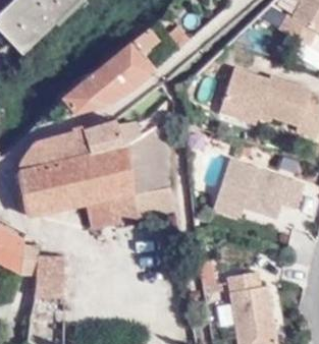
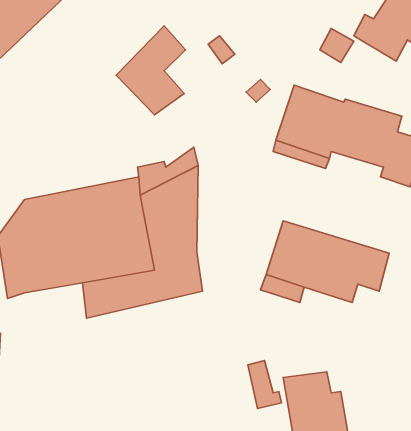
building: [64,56,134,113] -> none
building: [39,246,67,302] -> none

